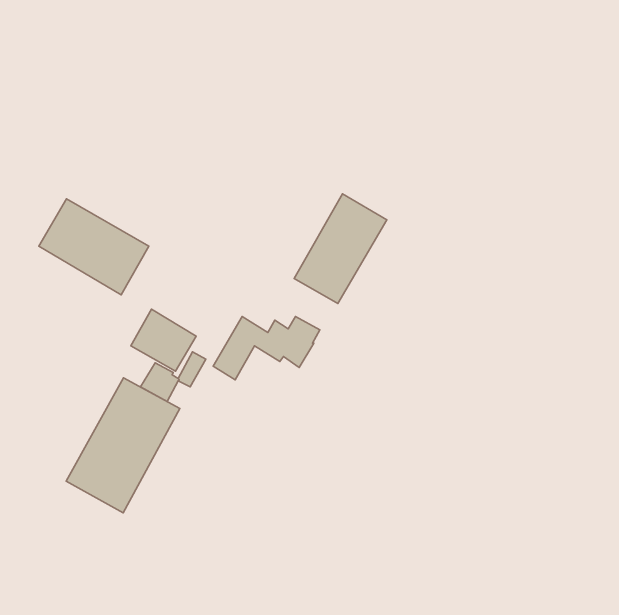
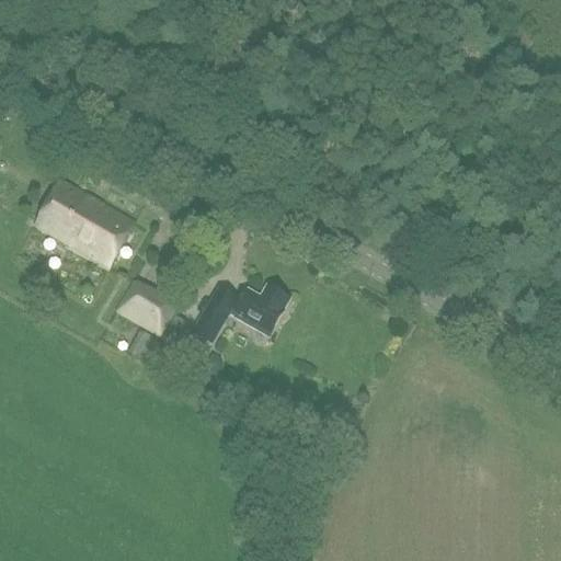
building: [294,194,387,303] -> none
building: [66,378,180,513] -> none

